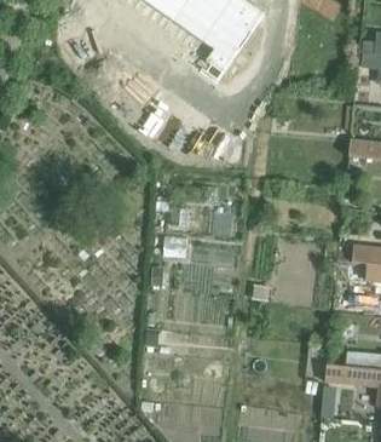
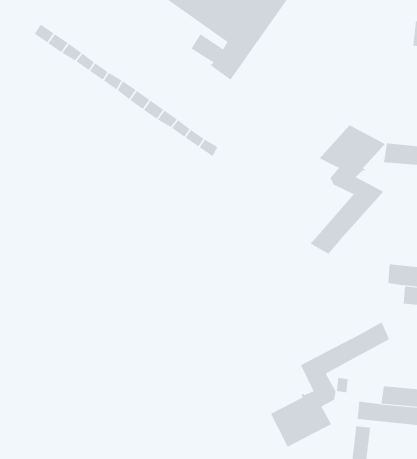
building: none -> [310,125,386,255]
building: none -> [270,321,390,448]

